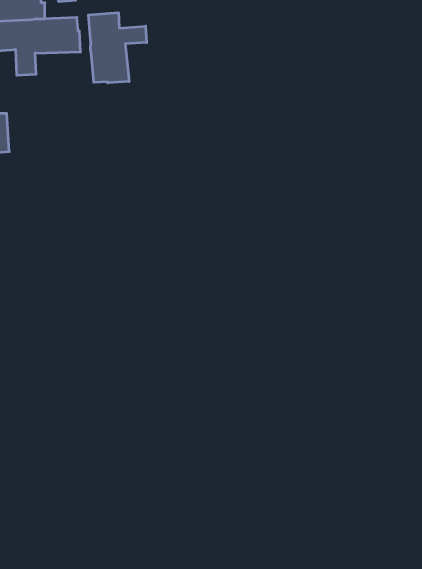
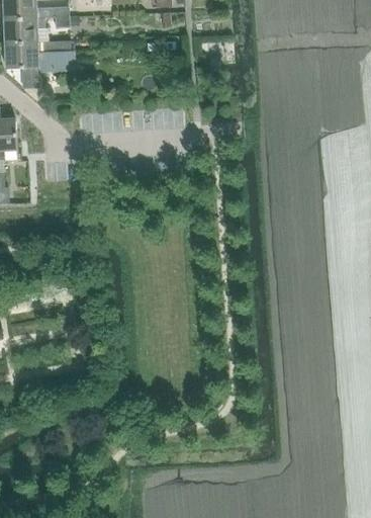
building: [88,13,147,83] -> none

